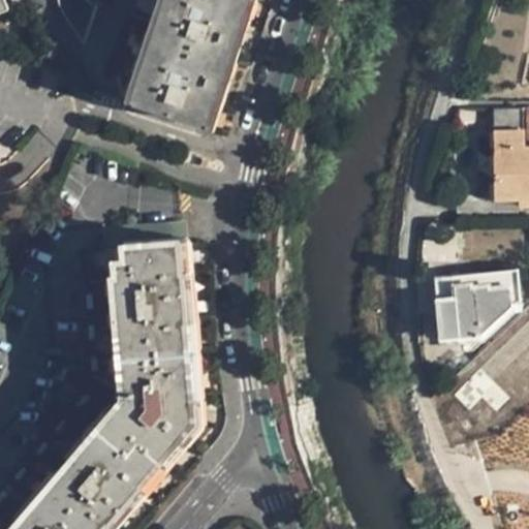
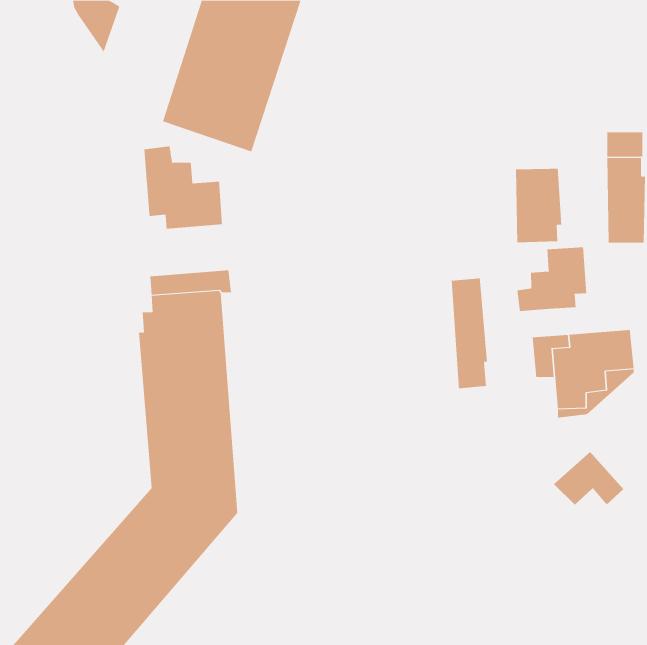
building: none -> [144,146,222,229]
building: none -> [516,168,562,243]
building: none -> [517,247,587,312]
building: none -> [451,278,488,389]

